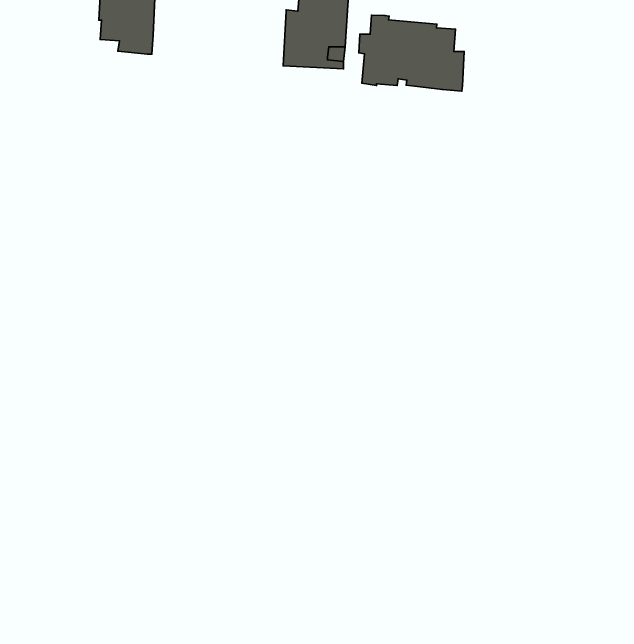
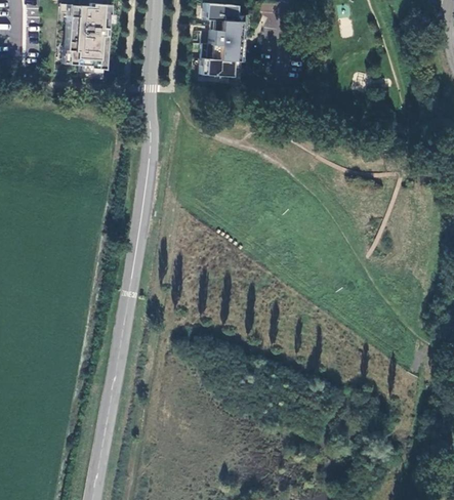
building: [359,15,464,91] -> none

